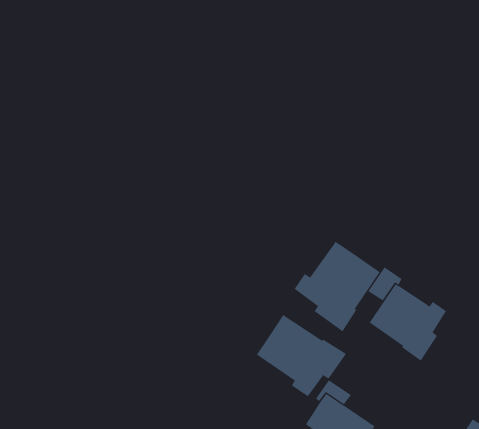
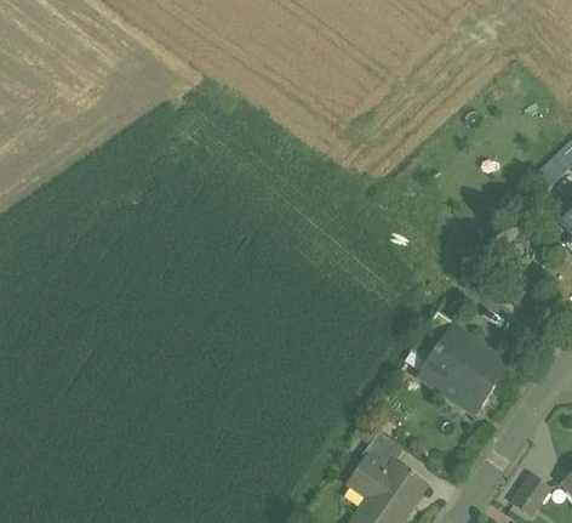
building: [294,241,381,332] -> none
building: [256,314,347,397] -> none

